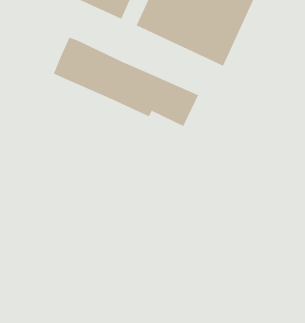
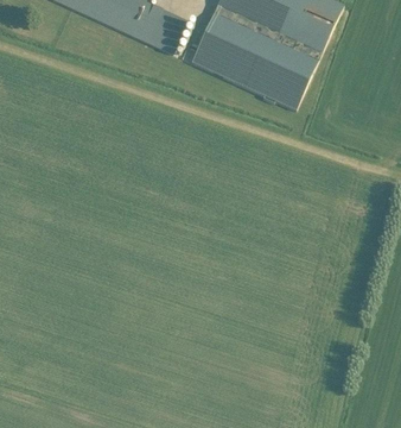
building: [53,37,199,127] -> none

